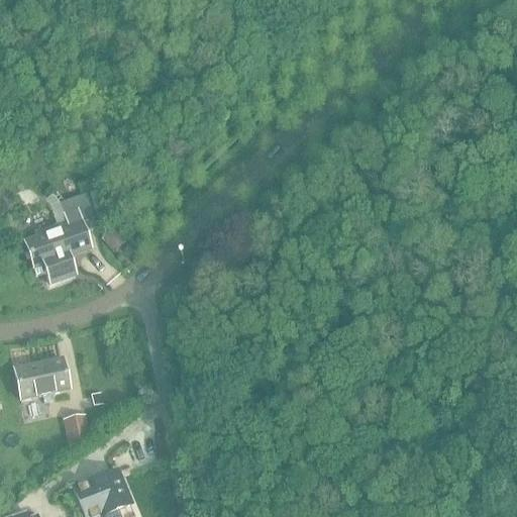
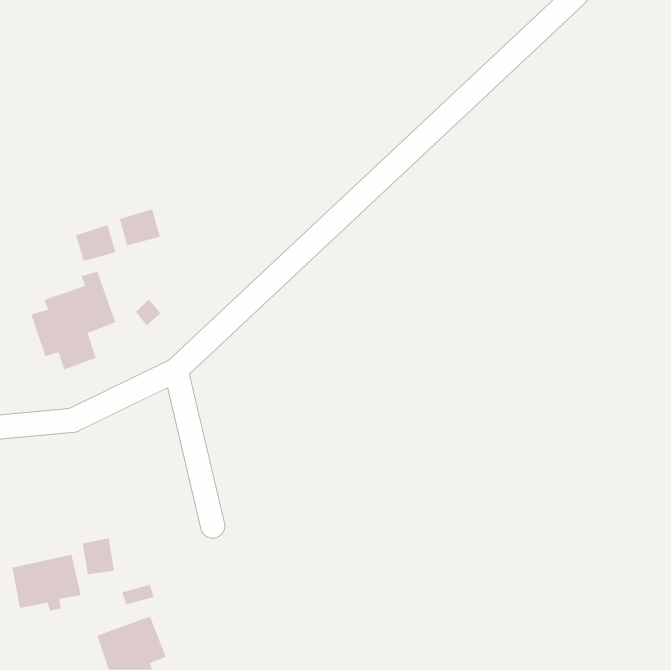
building: none -> [119,208,161,246]
building: [17,356,71,400] -> [11,554,81,611]

